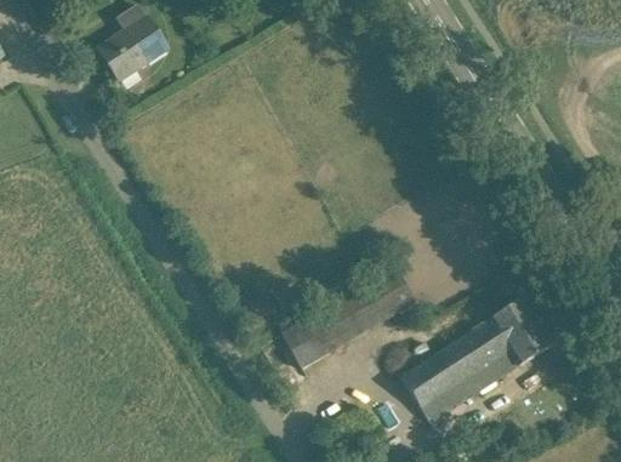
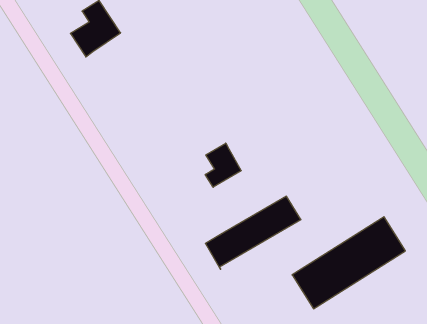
building: none -> [205,143,241,187]

